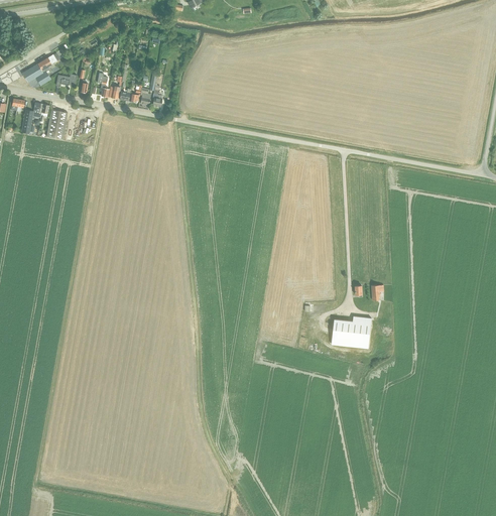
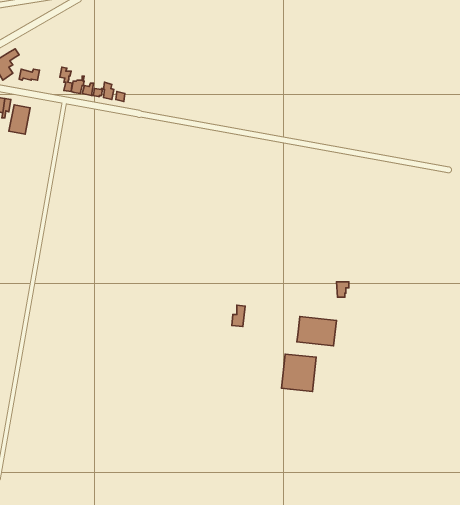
building: none -> [281,354,316,392]

